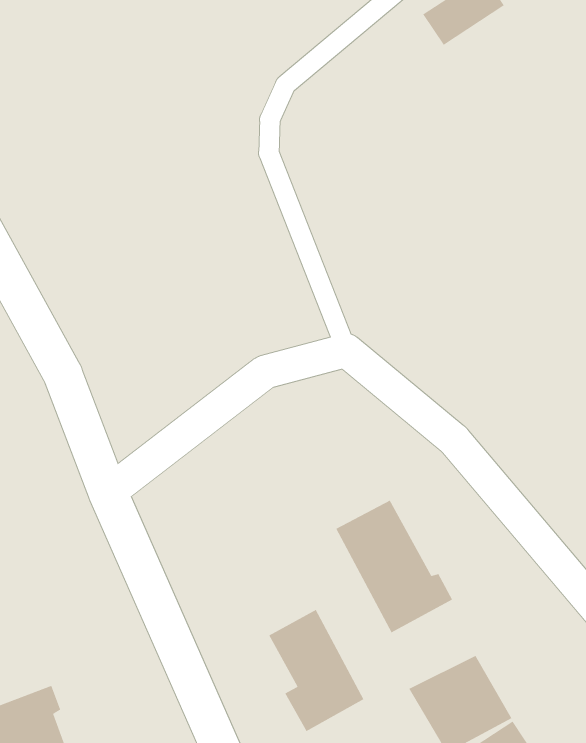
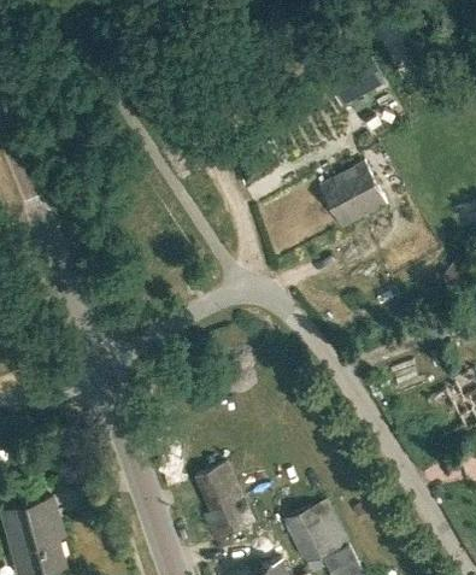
building: none -> [318,164,386,229]
building: [335,499,453,634] -> none

